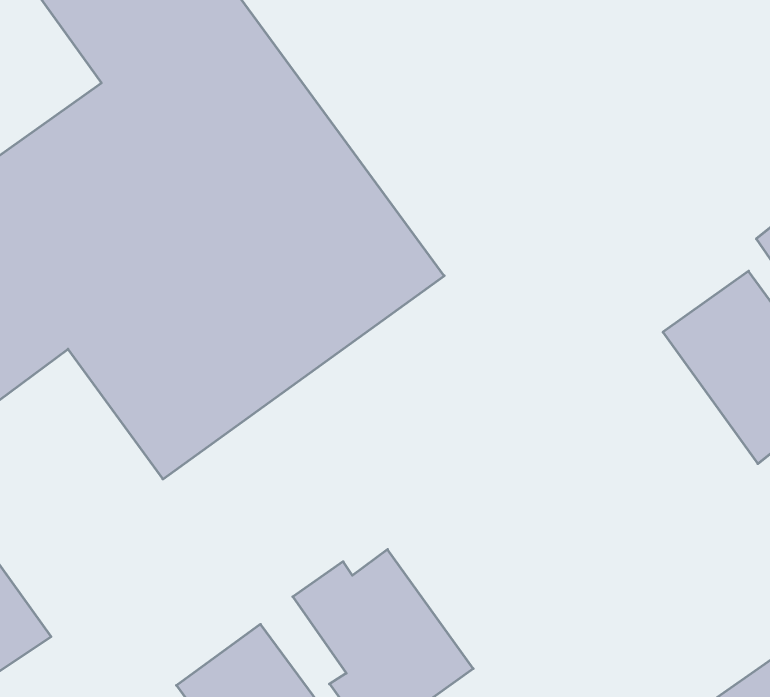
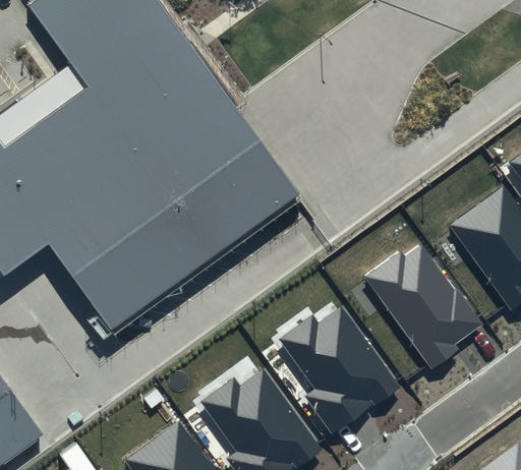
building: none -> [364,246,482,370]
building: none -> [278,310,397,434]

